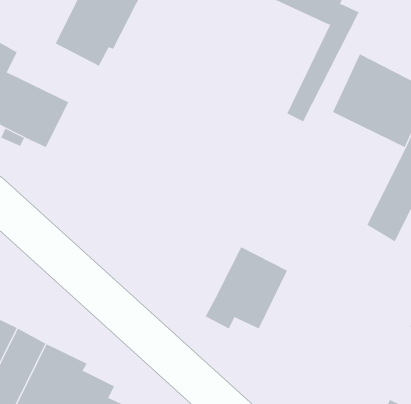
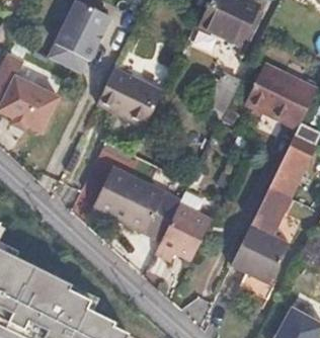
building: none -> [98,68,164,126]
building: none -> [95,163,182,237]
building: none -> [231,185,292,282]

